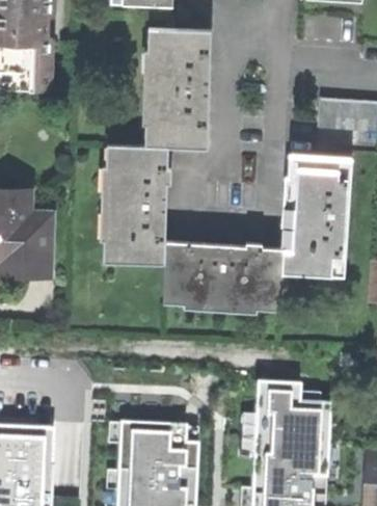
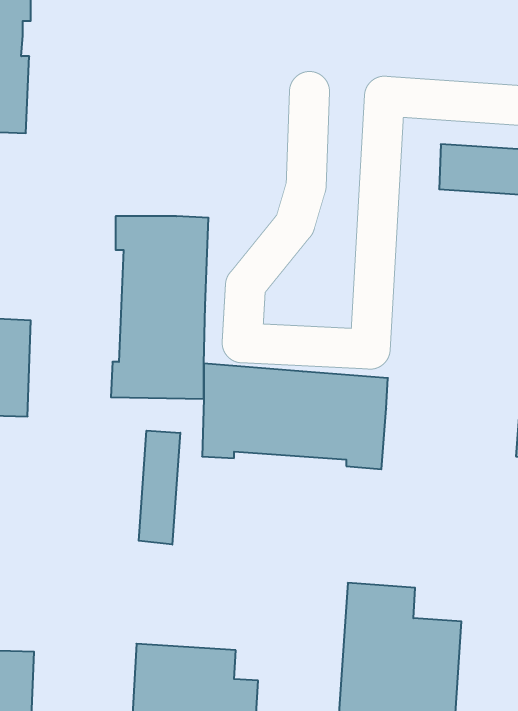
building: [146,29,209,148] -> none
building: [282,156,350,274] -> none
building: none -> [139,431,180,545]

